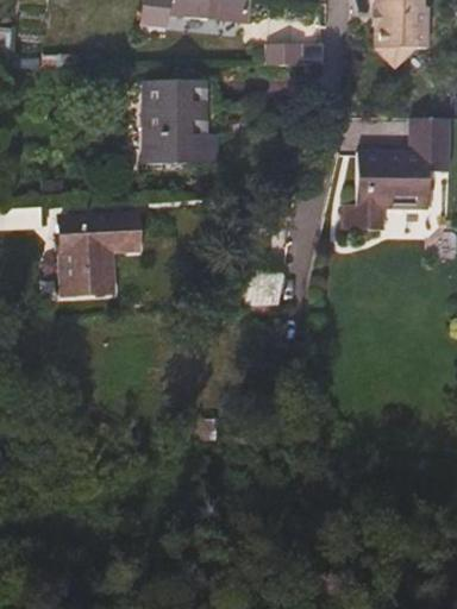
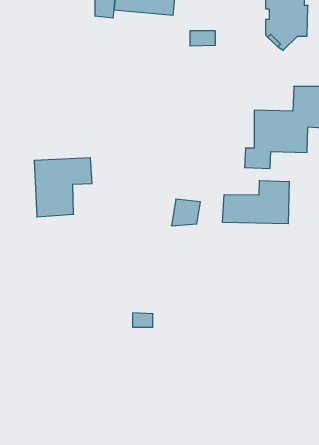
building: [144,80,217,165] -> none
building: none -> [223,180,289,224]

